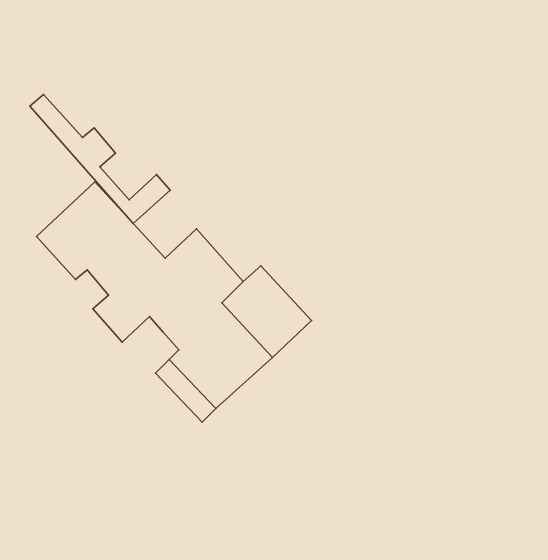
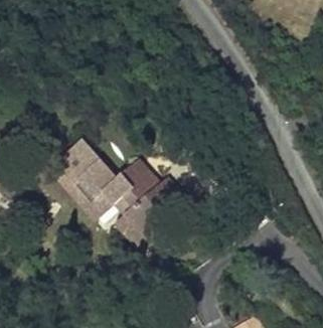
building: [30,95,170,223] -> [41,154,114,220]

